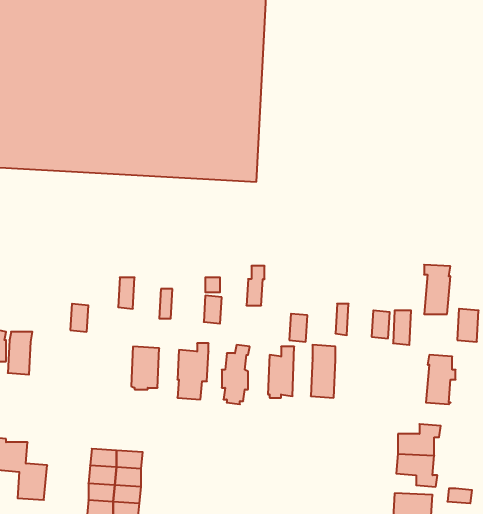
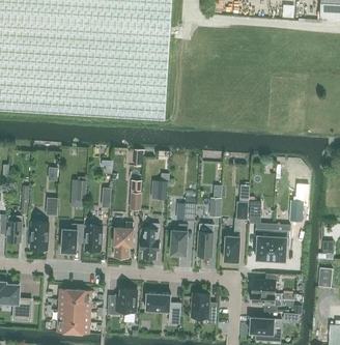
building: [424,265,450,314] -> [255,229,272,260]
building: none -> [30,222,48,252]
building: none -> [59,225,83,256]
building: none -> [222,229,239,264]
building: none -> [108,289,136,315]
building: none -> [144,293,180,318]
building: none -> [190,293,215,324]

